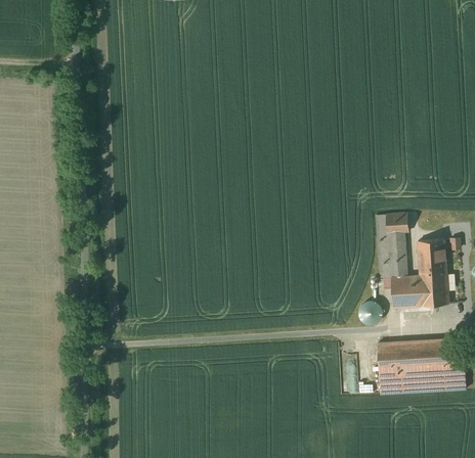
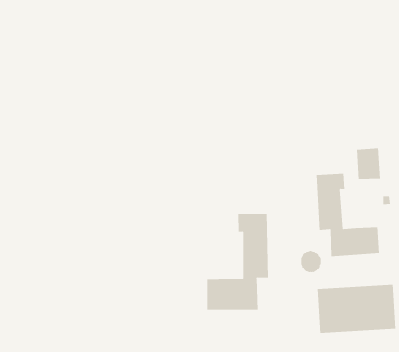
building: [419,238,446,274] -> [356,148,381,180]
building: none -> [207,213,268,310]

